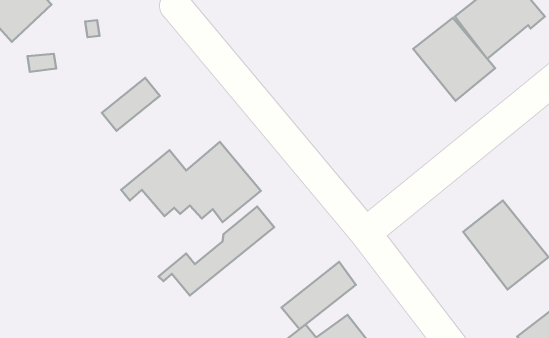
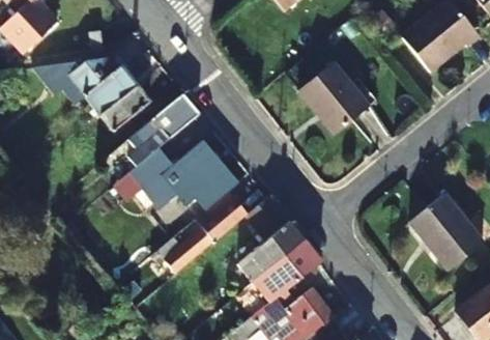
building: [413,18,495,101] -> [300,60,371,132]
building: none -> [67,58,138,116]
building: none -> [110,93,200,182]
building: none -> [238,224,305,285]

